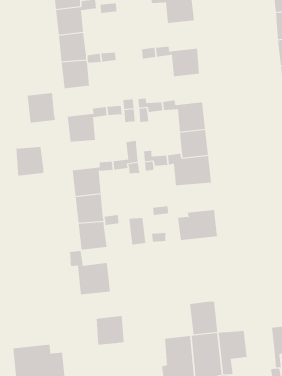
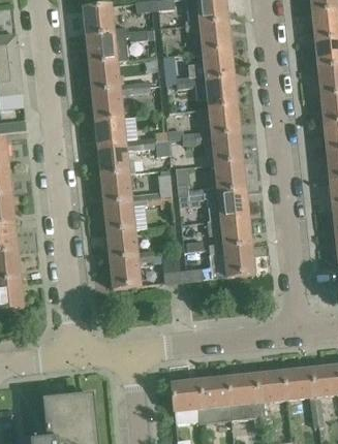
building: none -> [192,49,235,81]
building: none -> [209,104,240,136]
building: [27,92,56,123] -> [95,117,125,149]
building: [15,147,44,176] -> [101,173,131,204]
building: none -> [209,218,252,254]
building: [69,250,111,295] -> none
building: [190,301,218,335] -> none
building: [96,315,124,345] -> [172,380,202,411]
building: none -> [283,369,314,400]

